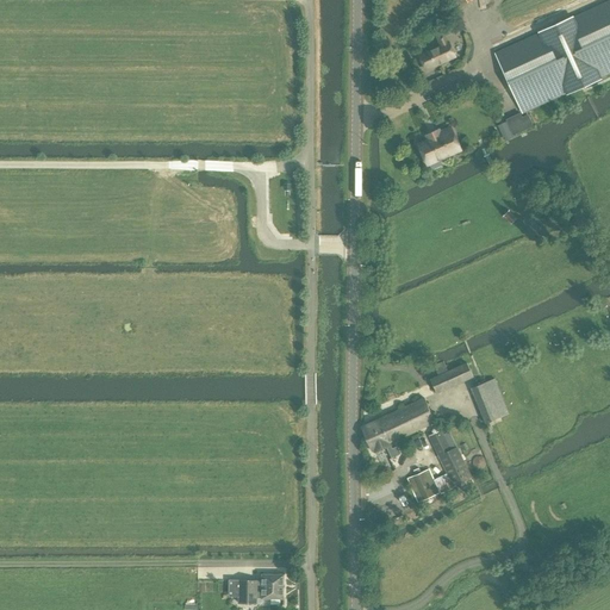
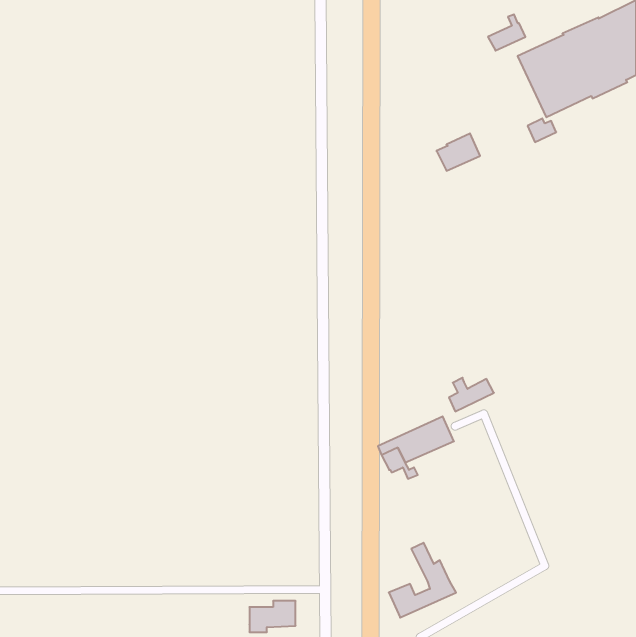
building: [418,35,454,69] -> [488,14,525,51]
building: [469,379,508,423] -> none
building: [406,430,471,502] -> [389,543,456,618]

